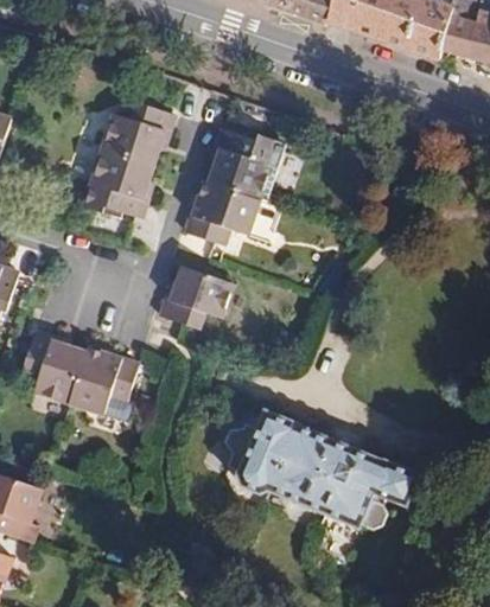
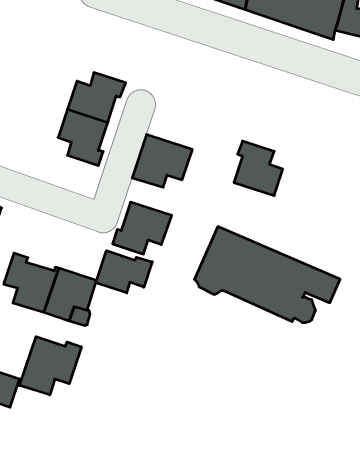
building: [210,129,272,198] -> [234,141,283,196]
building: none -> [96,251,152,293]
building: [236,409,420,530] -> [194,227,340,323]
building: none -> [19,337,81,395]

